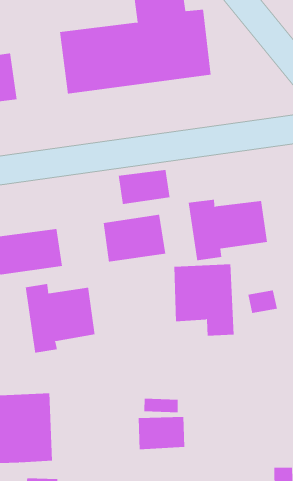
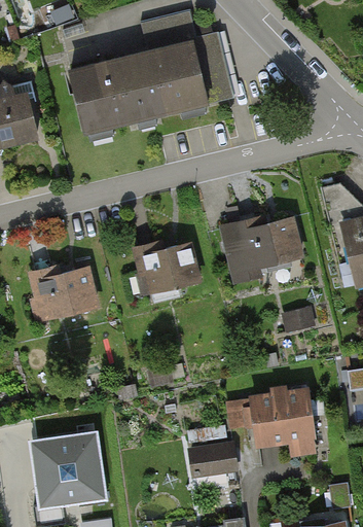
building: [118,169,170,205] -> none
building: [174,264,234,336] -> [248,386,316,461]
building: [25,283,95,354] -> none

